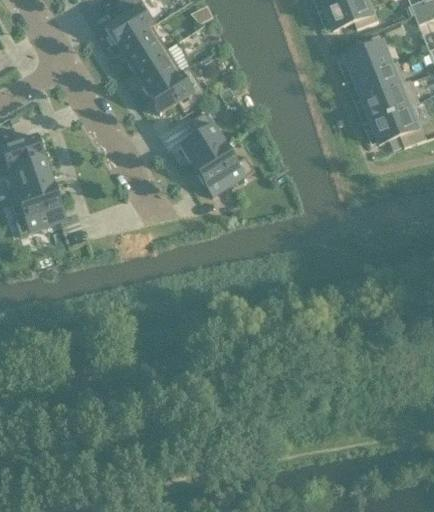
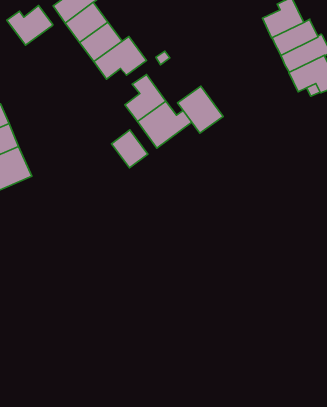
building: none -> [7,6,53,45]
building: none -> [177,86,223,133]
building: none -> [111,130,148,168]

